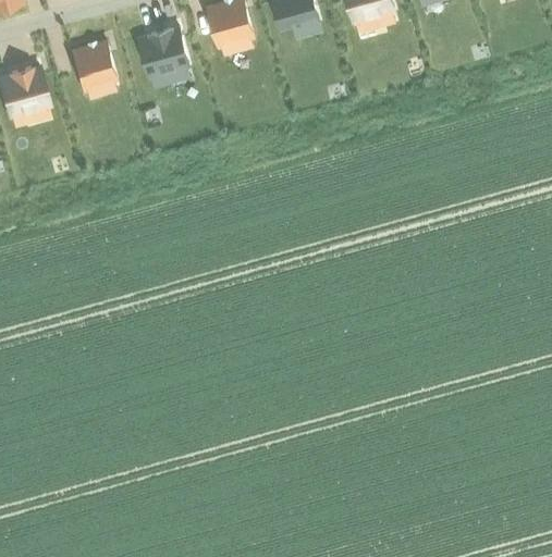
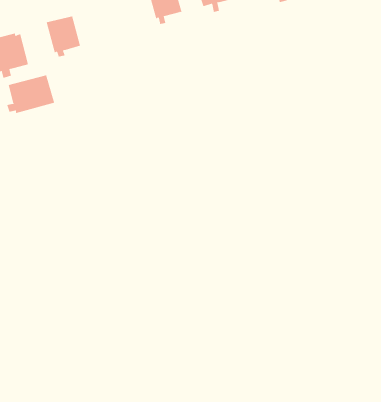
building: [138,25,188,84] -> none
building: none -> [7,74,55,114]

